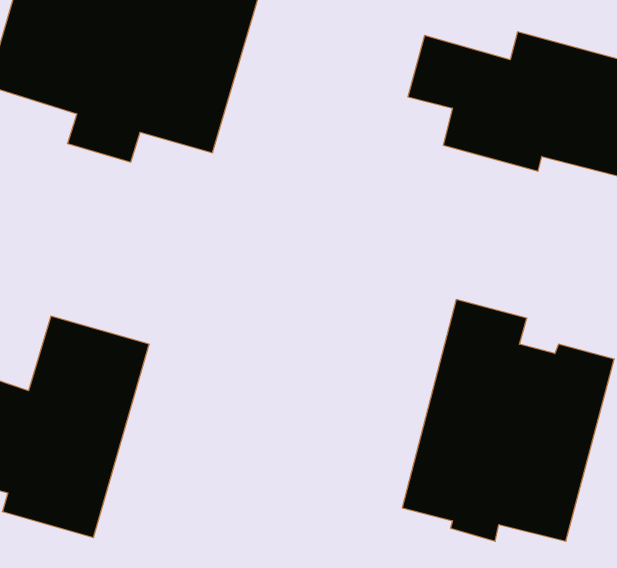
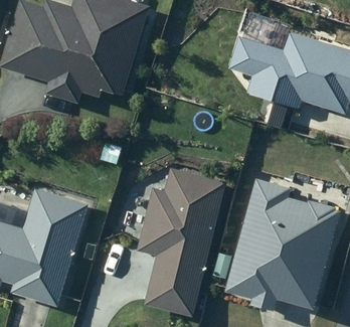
building: none -> [138,166,225,311]

